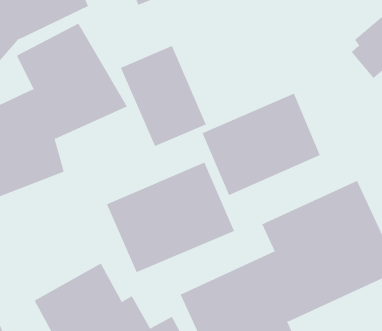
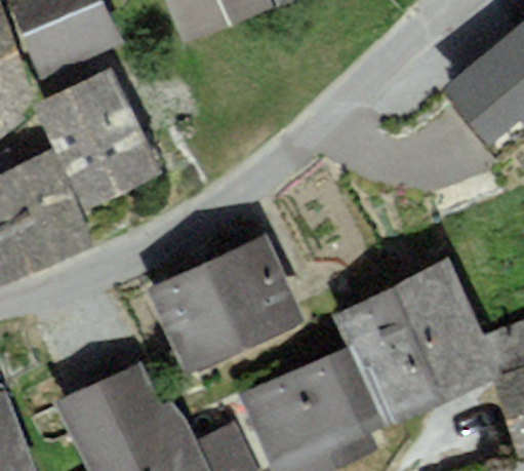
building: [120,45,207,147] -> none
building: [202,93,321,196] -> none

